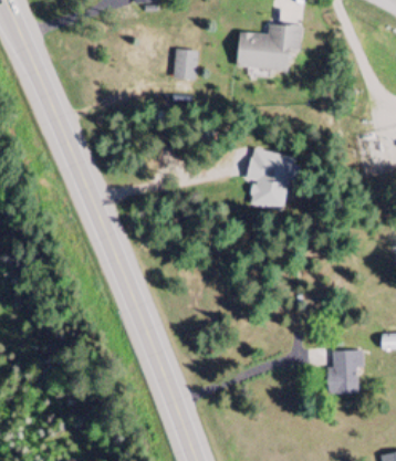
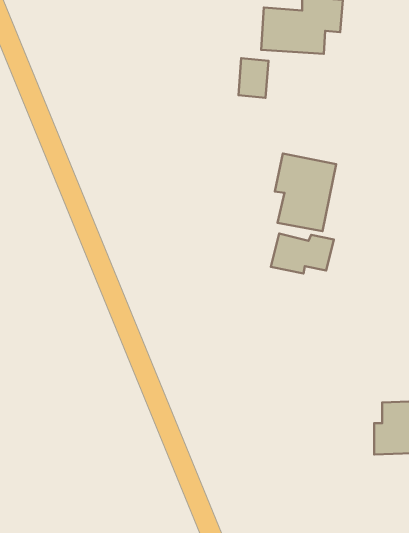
building: [174,48,198,80] -> [238,58,268,98]
building: none -> [271,233,334,274]

